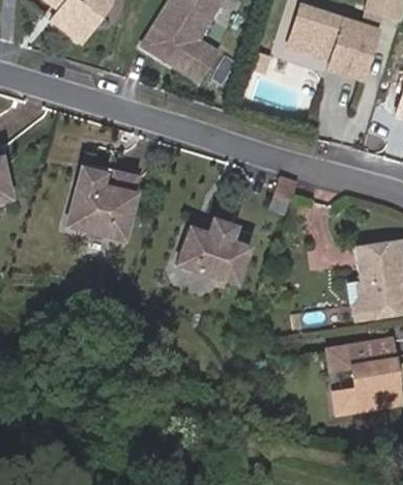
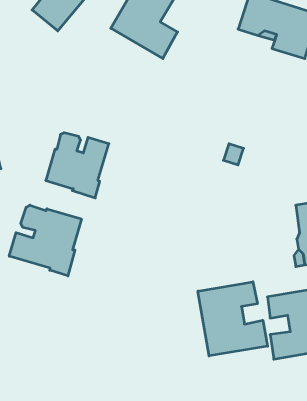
building: [171,226,248,284] -> none
building: none -> [9,205,81,276]
building: none -> [198,282,268,356]

